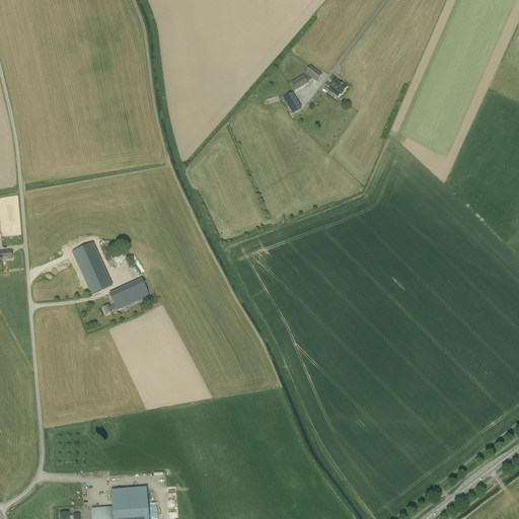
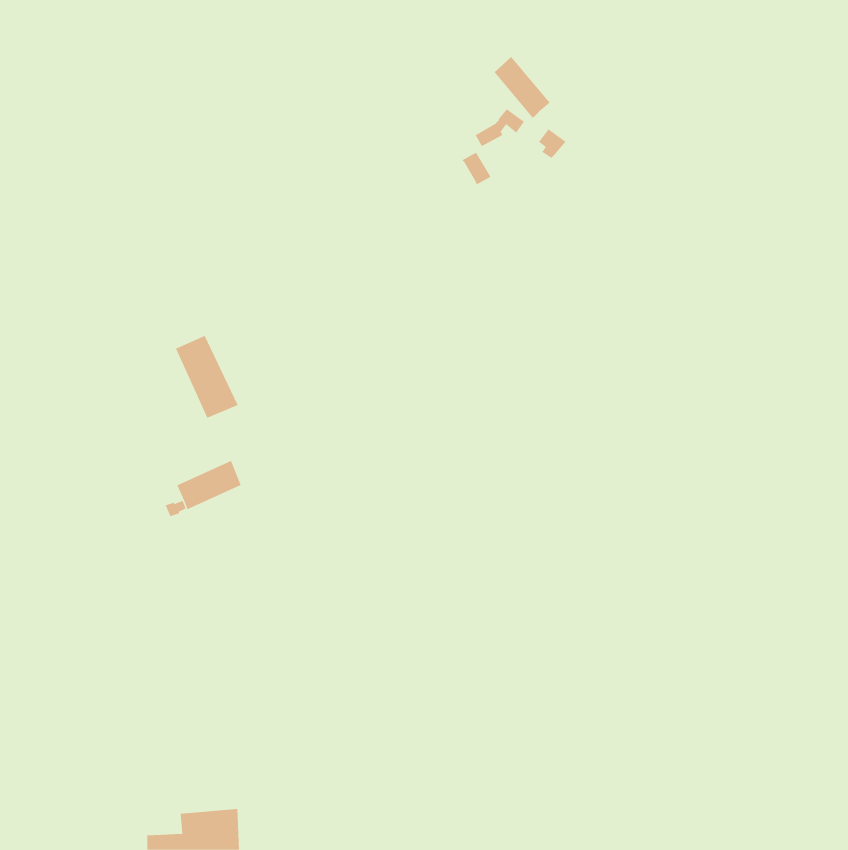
building: none -> [494,56,550,119]
building: [80,239,119,290] -> [175,335,239,419]

